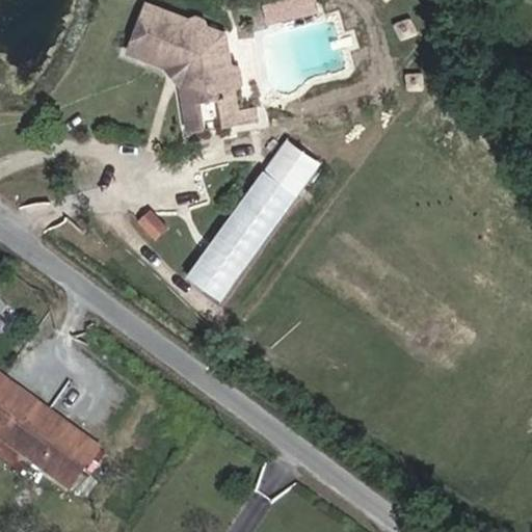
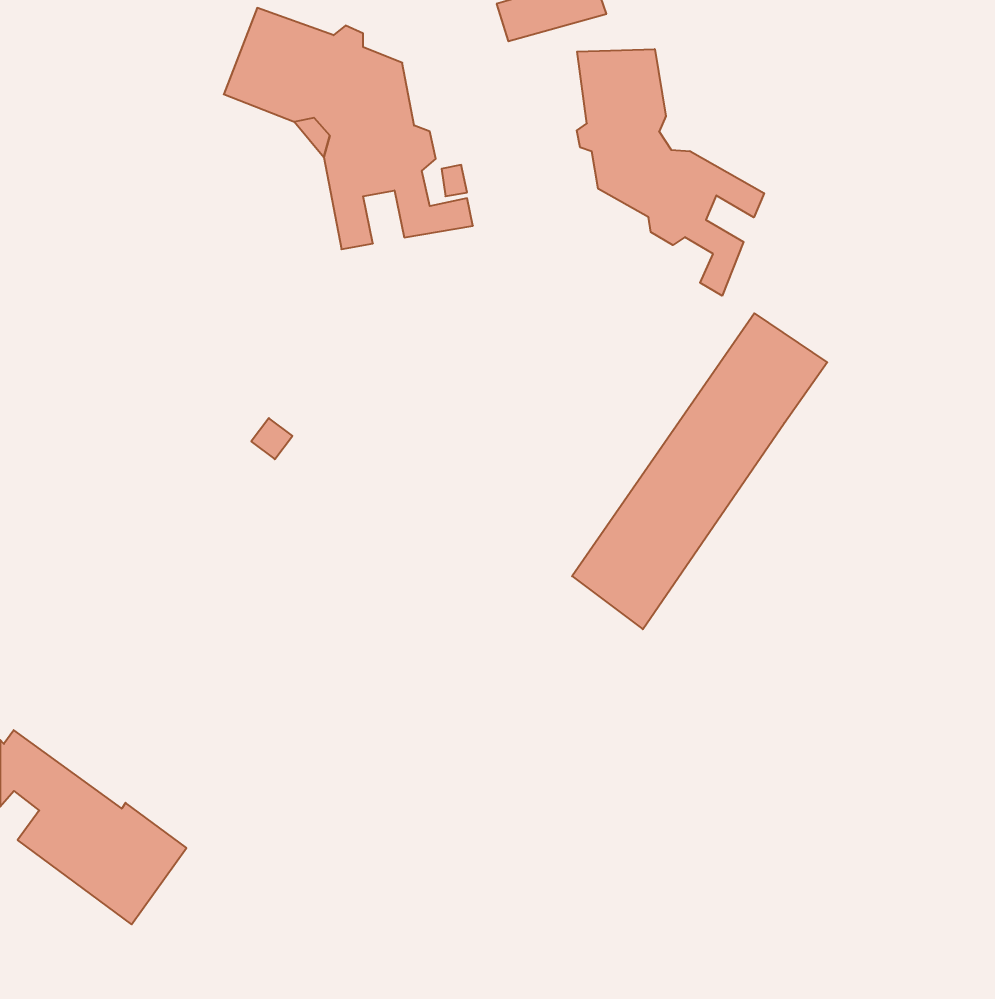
building: none -> [577,49,764,296]
building: [187,135,322,302] -> [572,313,827,629]

